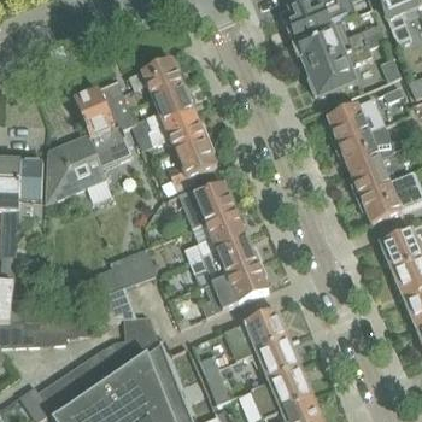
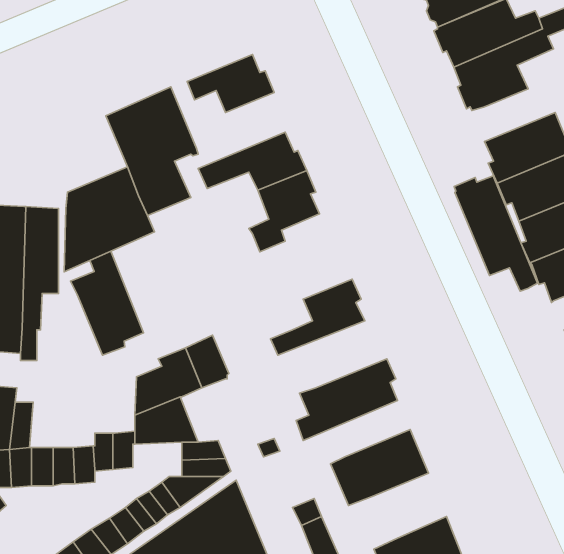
building: [131,84,193,135] -> none
building: none -> [454,176,538,291]
building: [177,177,238,228] -> none
building: none -> [70,251,144,355]
building: [188,236,260,281] -> none
building: [251,338,300,381] -> none

